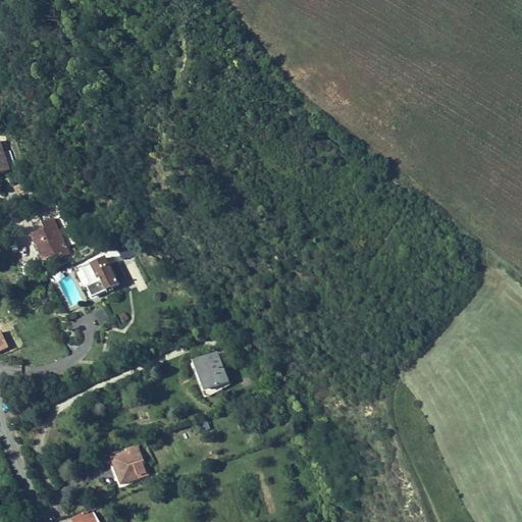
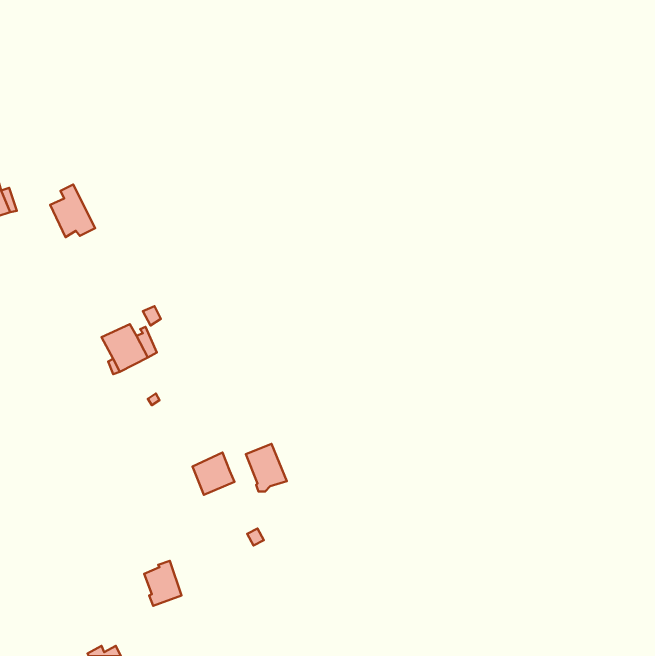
building: [32,217,67,259] -> [50,184,95,237]
building: none -> [193,453,235,495]

